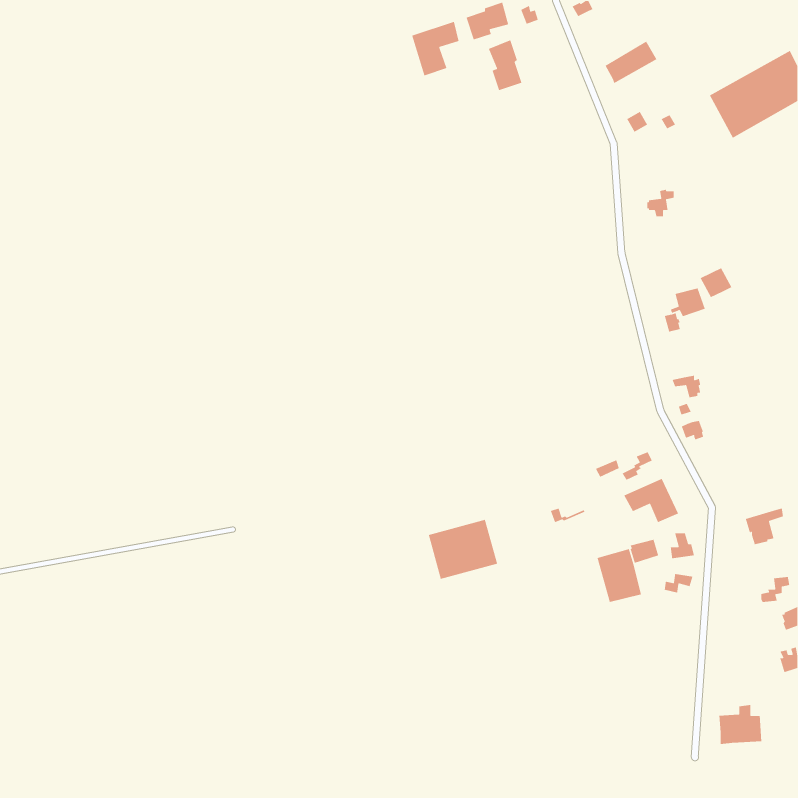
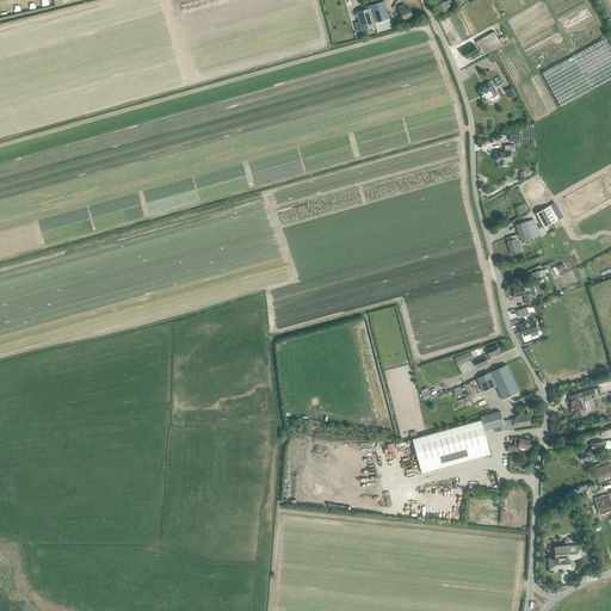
building: [411,21,459,77] -> none
building: [488,39,522,91] -> none
building: [428,519,498,580] -> [412,426,465,473]

